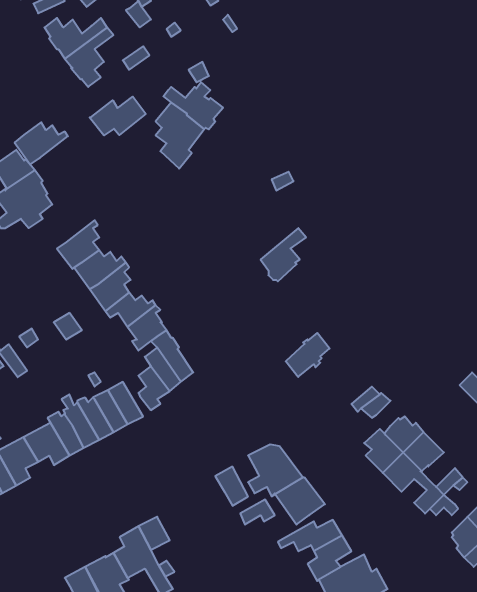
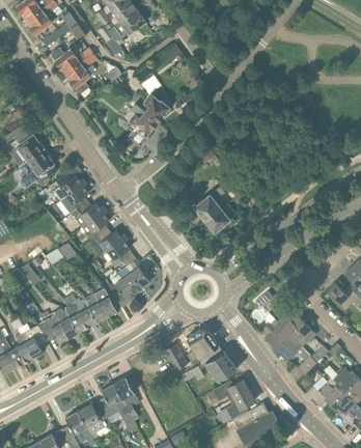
building: [90,97,146,135] -> none
building: [15,122,68,165] -> [49,172,84,200]
building: [286,333,330,377] -> [205,203,234,232]

